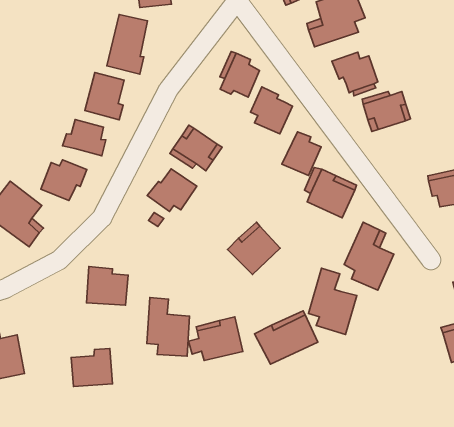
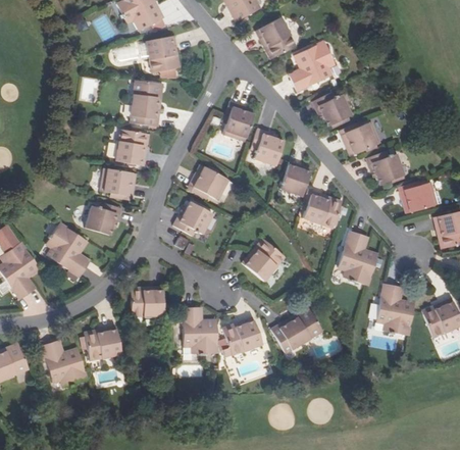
building: none -> [366,150,404,183]
building: [309,268,357,334] -> [376,283,414,335]
building: [71,349,113,387] -> [86,326,121,359]

